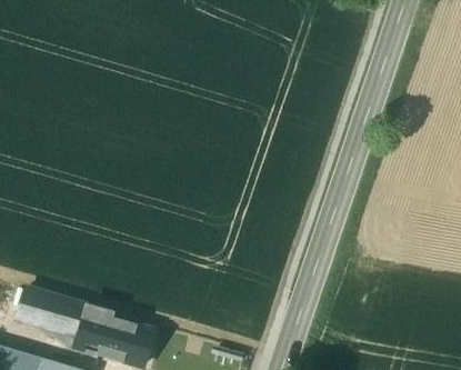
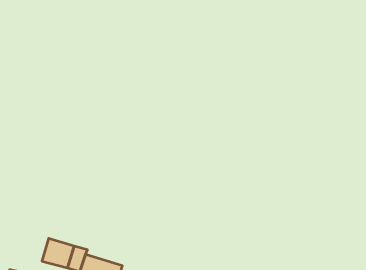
building: [18,287,64,326] -> none

